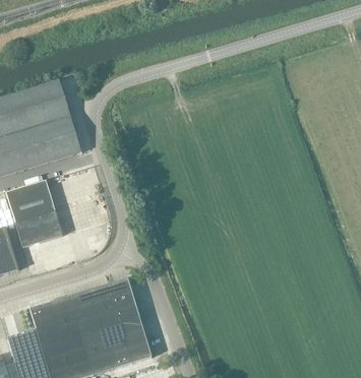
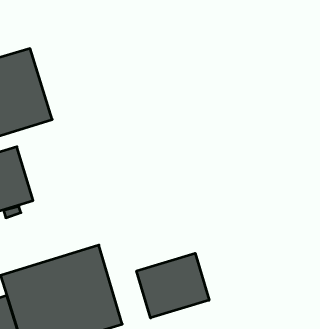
building: none -> [137,253,209,318]

